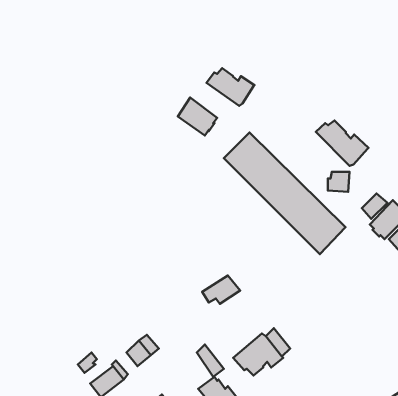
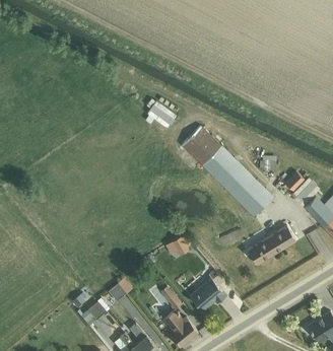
building: [207,68,255,106] -> none
building: [316,121,369,166] -> none
building: none -> [246,224,294,264]

